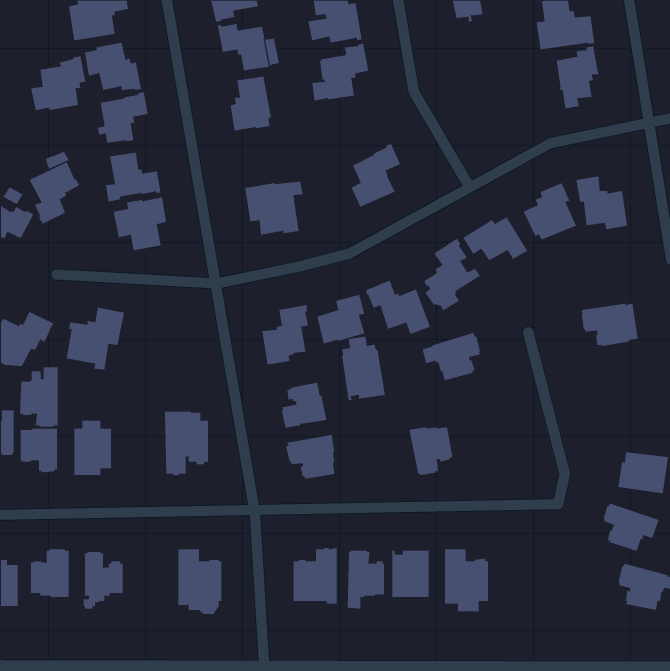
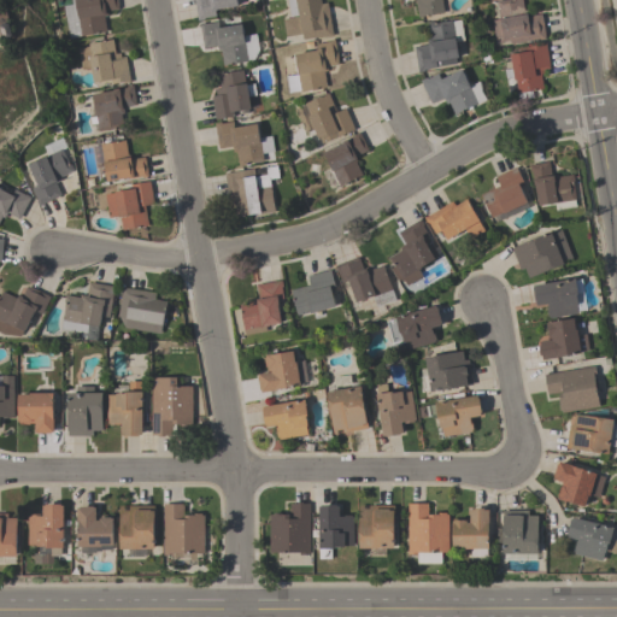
building: none -> [415,20,465,72]
building: [30,55,86,111] -> none
building: none -> [421,70,478,114]
building: none -> [296,93,355,143]
building: none -> [215,117,275,166]
building: none -> [512,230,572,278]
building: none -> [118,287,166,334]
building: [341,336,386,401] -> [328,375,369,434]
building: none -> [540,318,589,359]
building: [19,367,59,427] -> [107,381,143,436]
building: none -> [423,351,474,392]
building: none -> [545,366,600,413]
building: none -> [430,395,482,436]
building: none -> [121,506,155,550]
building: none -> [453,509,489,548]
building: none -> [501,511,539,554]

